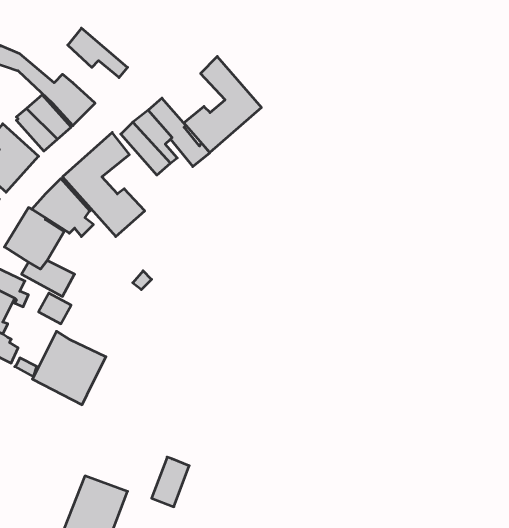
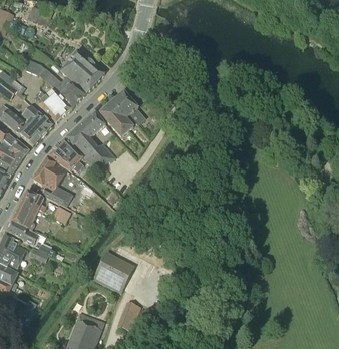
building: none -> [60,59,99,92]
building: [184,56,261,152] -> none
building: [32,331,106,405] -> [92,250,135,293]

